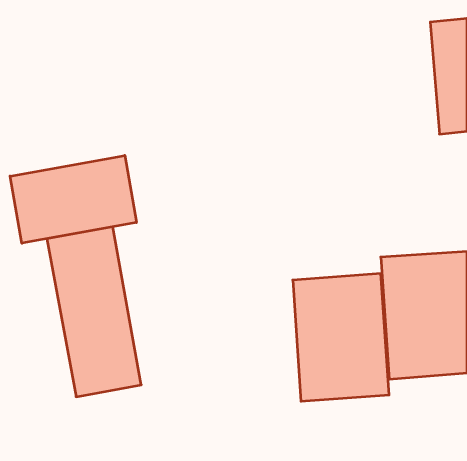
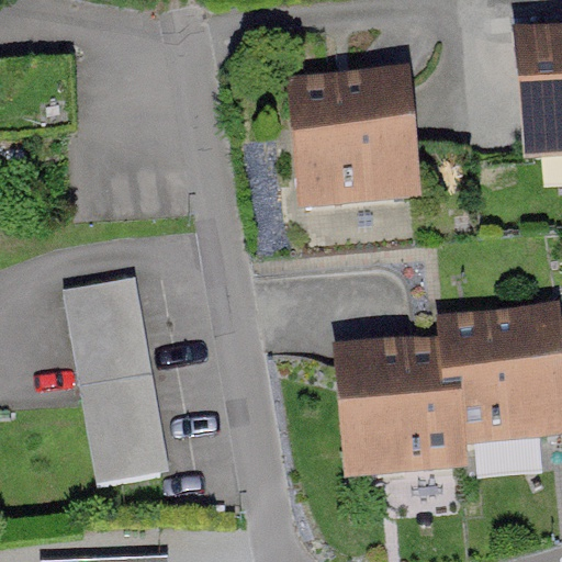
building: none -> [299,69,422,209]
building: [10,155,136,243] -> none

